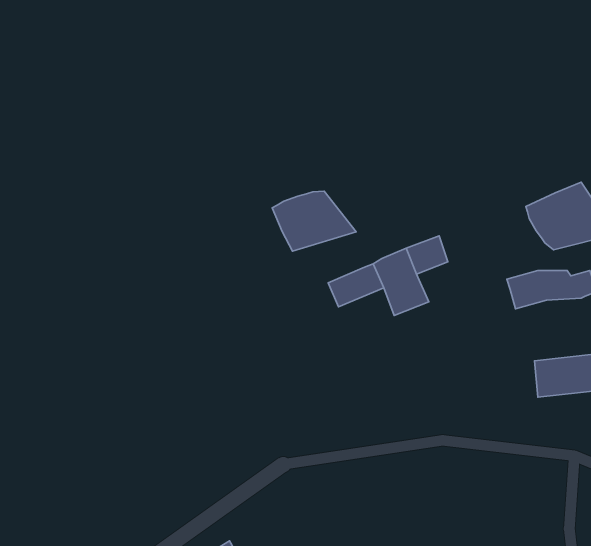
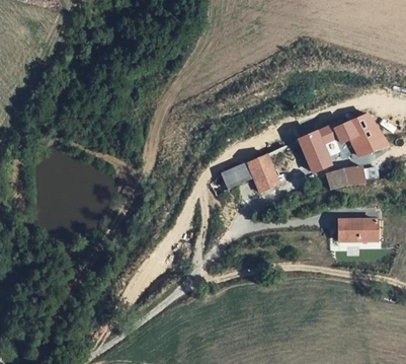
building: [272,191,356,251] -> none
building: none -> [299,125,336,172]

